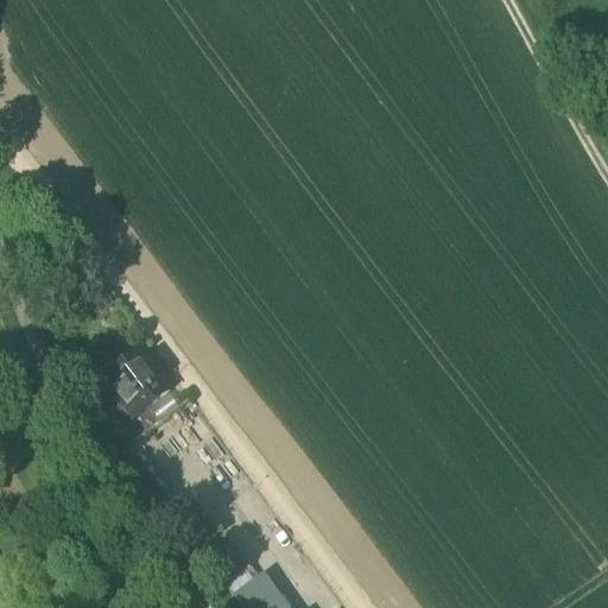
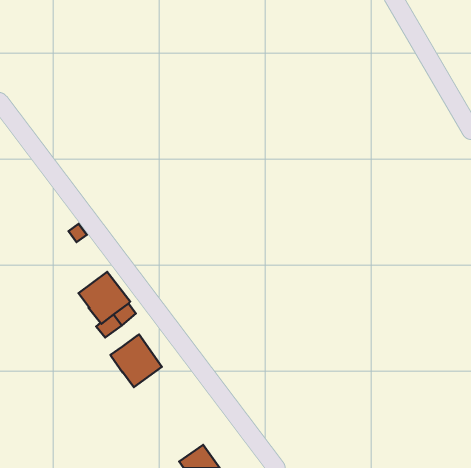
building: none -> [111,335,162,387]

